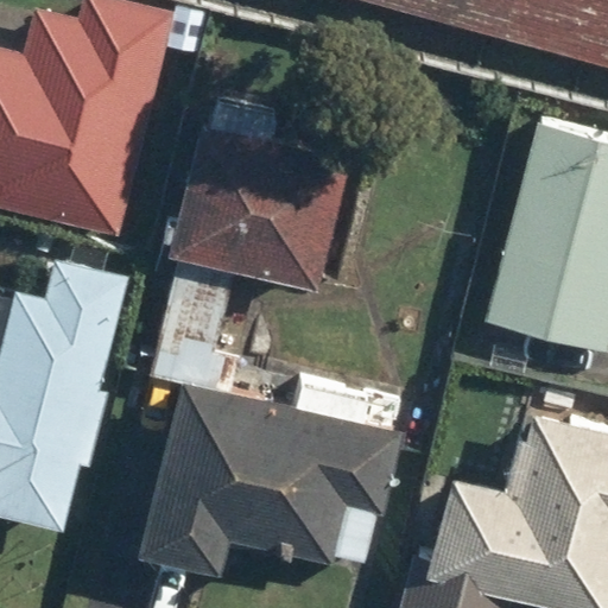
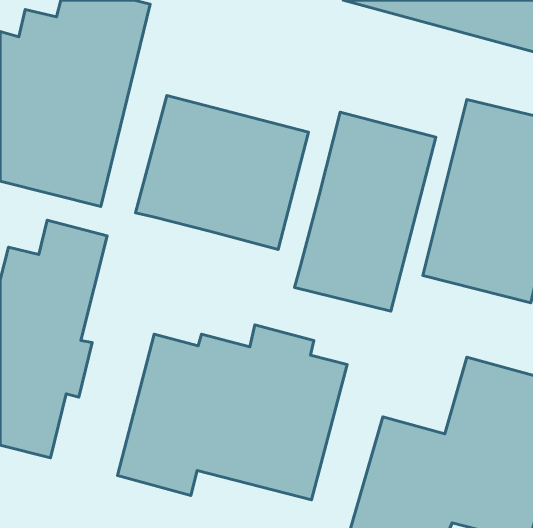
building: none -> [294,112,436,311]

